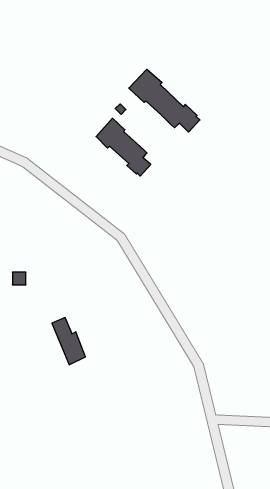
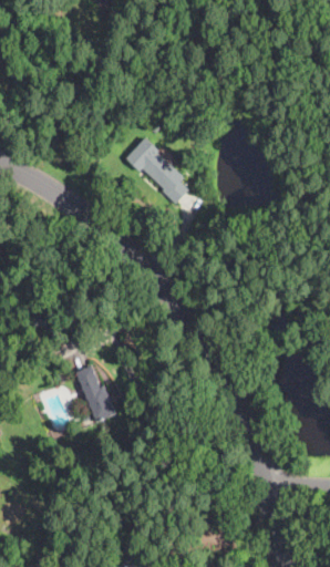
building: [129,69,200,132] -> none

